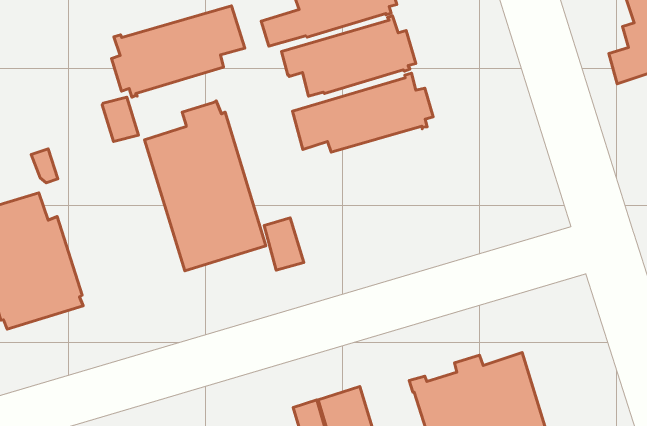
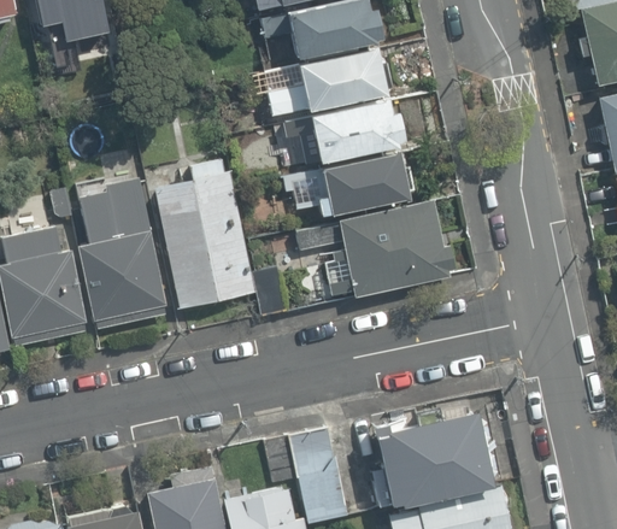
building: [112,6,245,97] -> none
building: none -> [296,199,457,296]
building: none -> [77,208,165,329]

